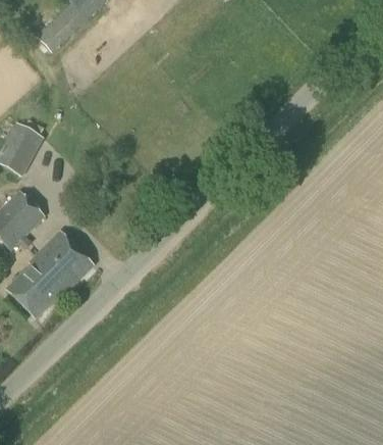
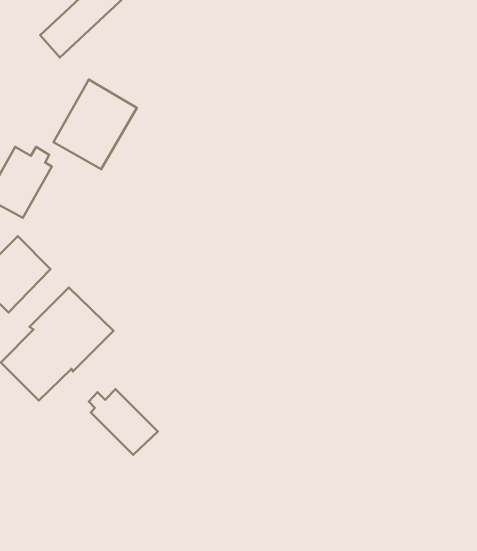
building: none -> [53,80,137,169]
building: none -> [89,389,158,455]

